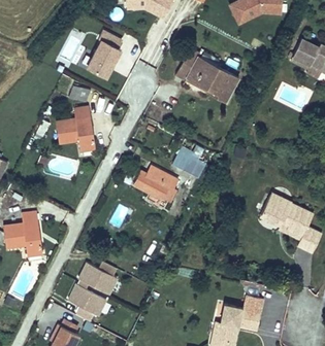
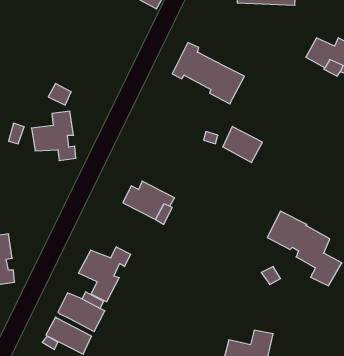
building: [87,30,121,79] -> none
building: [173,146,207,177] -> [223,126,262,163]
building: none -> [78,247,130,302]

